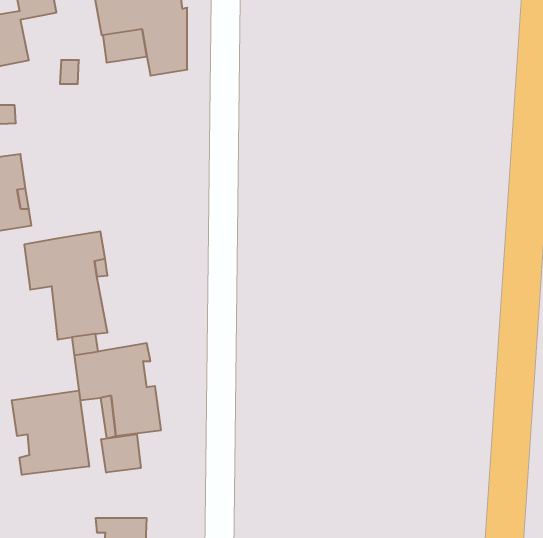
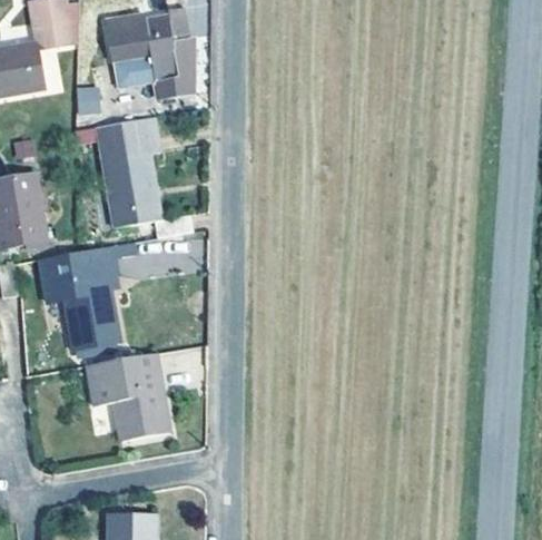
building: none -> [97,116,193,238]
building: [12,390,89,475] -> none
building: [101,434,141,473] -> none

